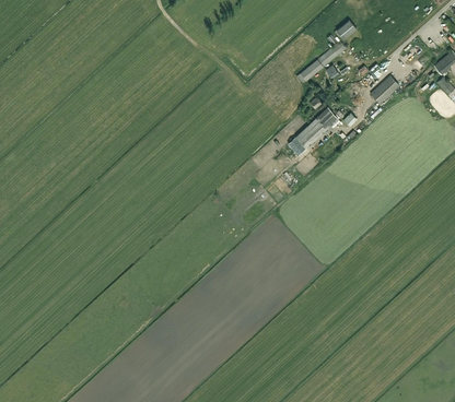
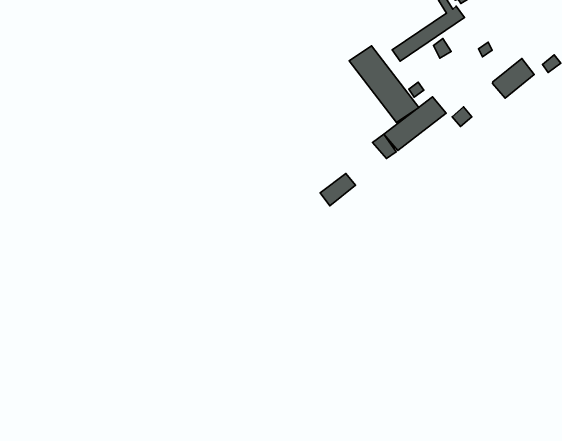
building: none -> [349,46,419,123]

